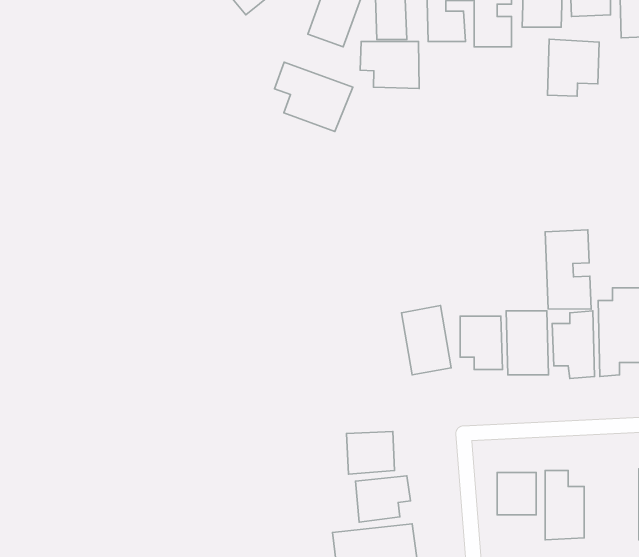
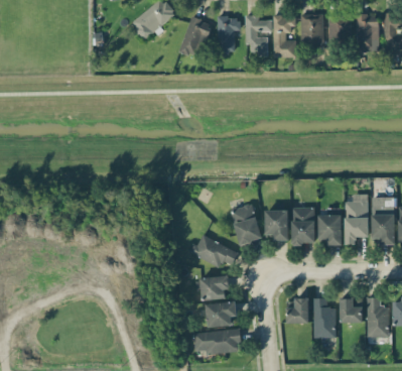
building: [548,39,599,96] -> none
building: [360,41,419,89] -> none
building: [275,62,353,131] -> none
building: [545,230,591,309] -> none
building: none -> [188,235,237,267]
building: none -> [340,298,362,324]

